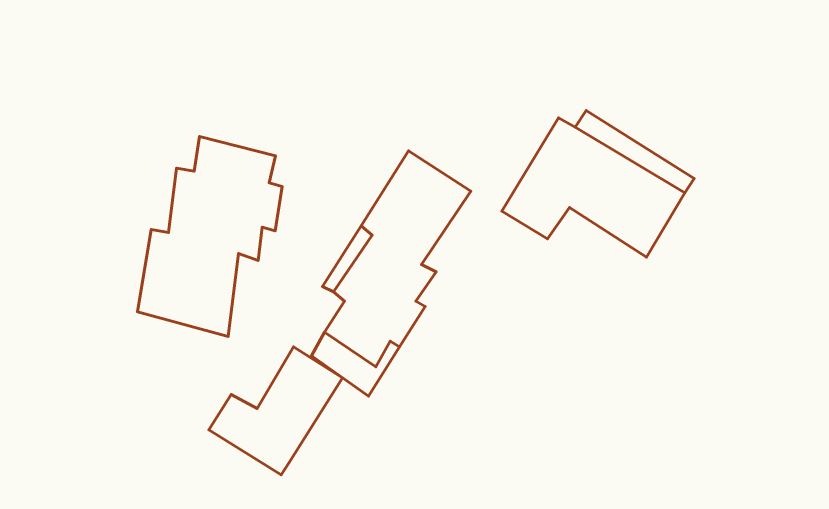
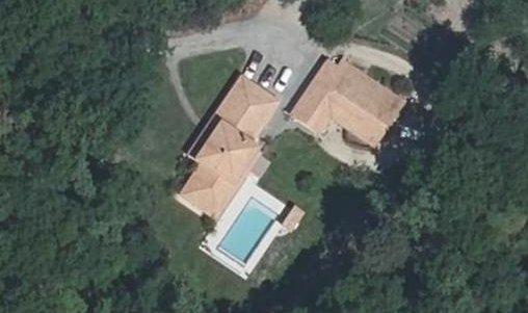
building: [137,137,282,336] -> none
building: [209,347,343,475] -> none

